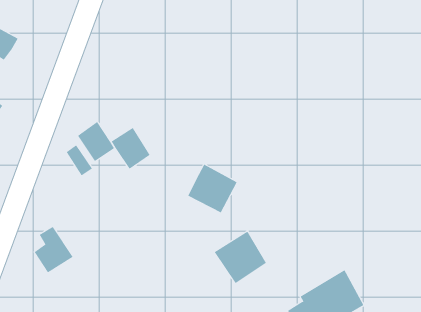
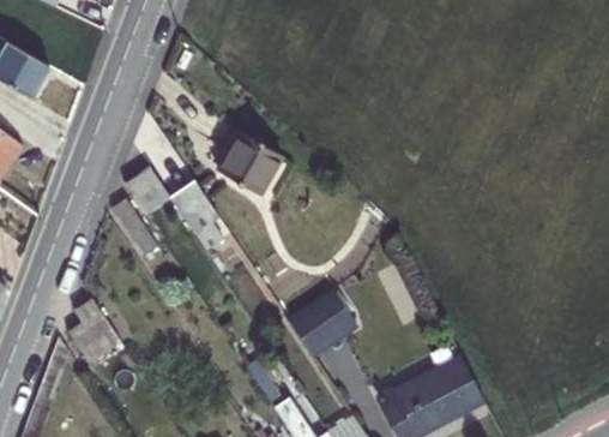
building: [188,164,238,213] -> [222,136,284,197]

